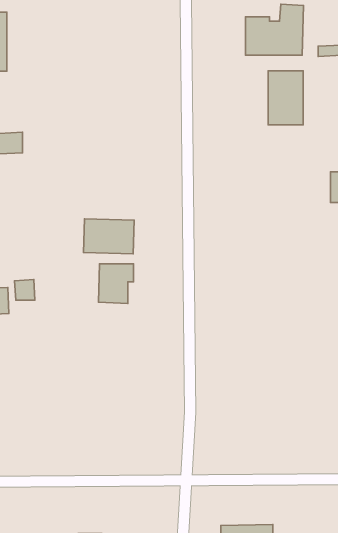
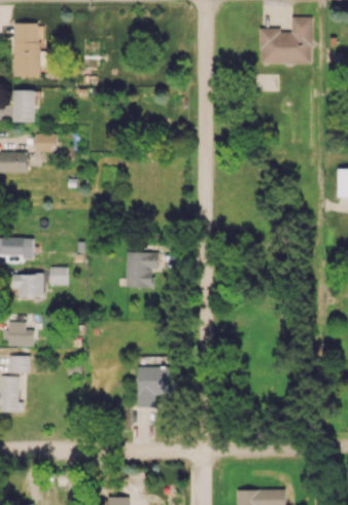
building: [268,71,303,125] -> none
building: [83,219,134,254] -> none
building: none -> [137,366,174,408]

